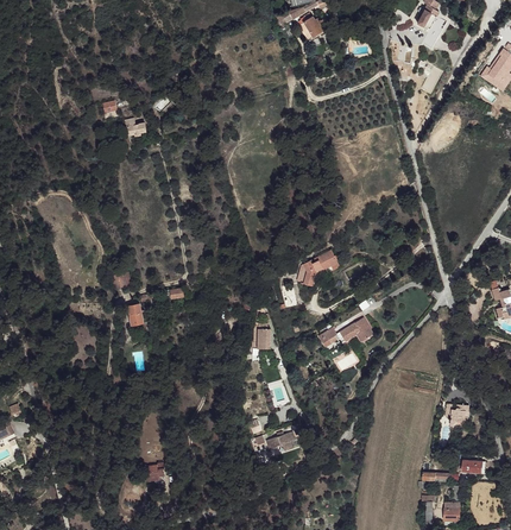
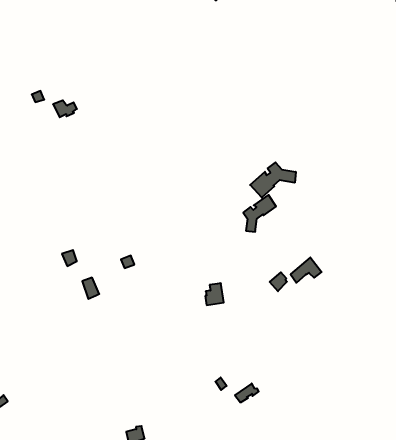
building: none -> [250,162,296,198]

